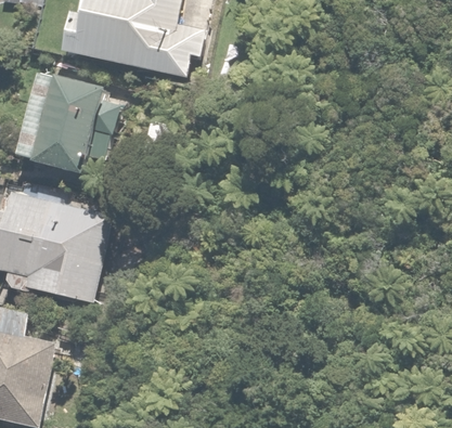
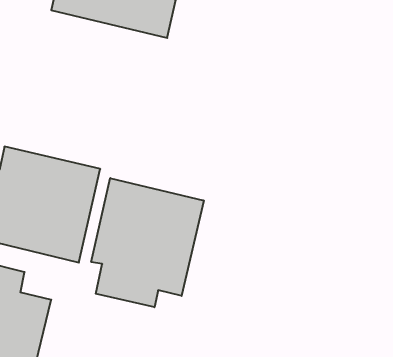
building: [20,66,130,184] -> none
building: none -> [91,178,204,307]

